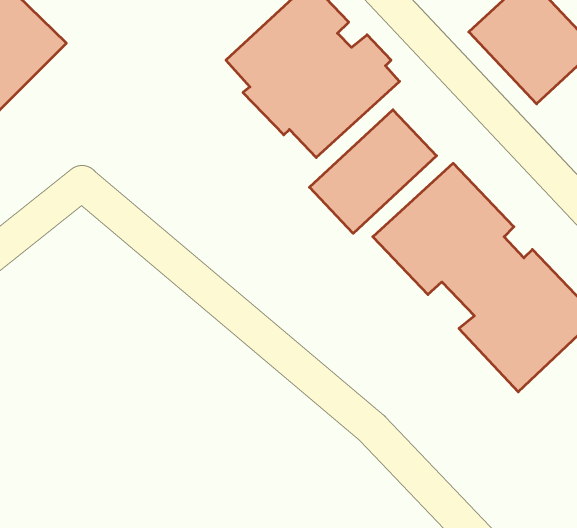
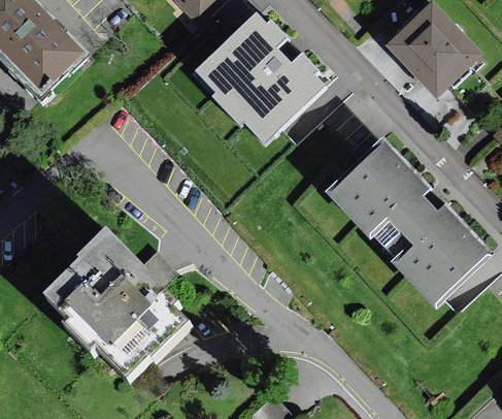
building: [309,110,437,233] -> none
building: none -> [48,232,190,378]

